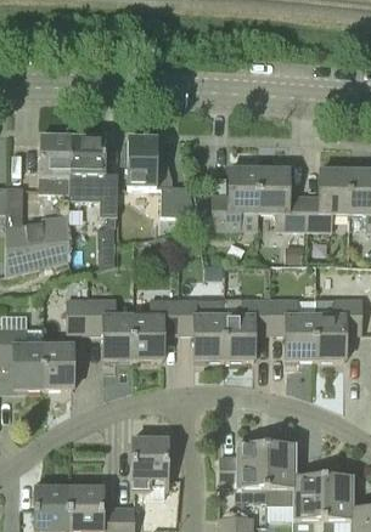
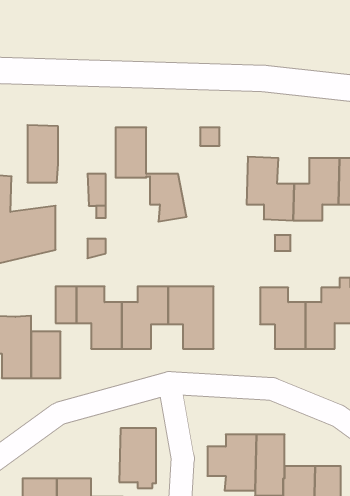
building: [71,137,106,176] -> none
building: [212,168,259,230] -> none
building: [225,296,271,358] -> none

